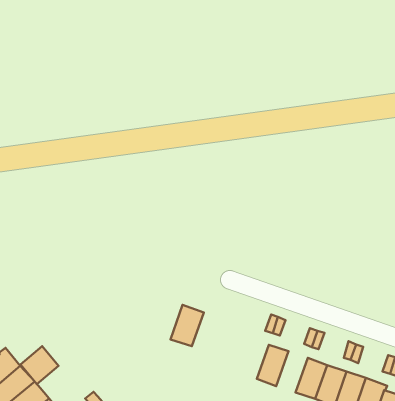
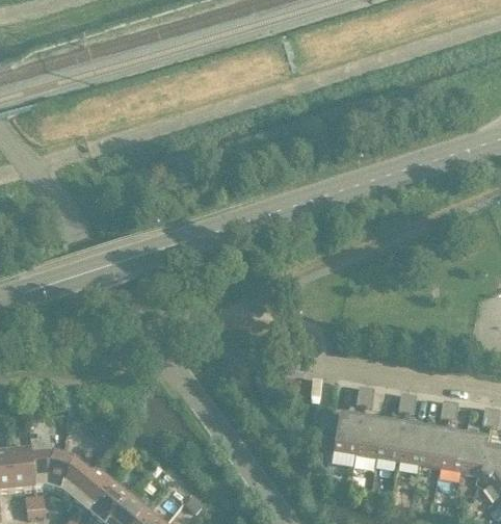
building: [170,305,204,346] -> [331,412,360,452]
building: [21,346,59,384] -> none
building: none -> [374,419,401,460]

